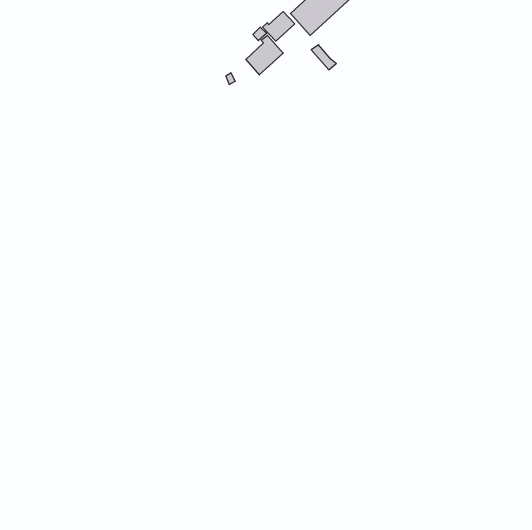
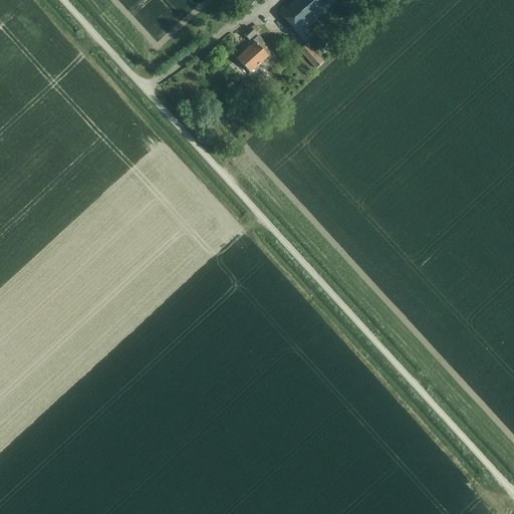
building: [263,12,295,41] -> none

